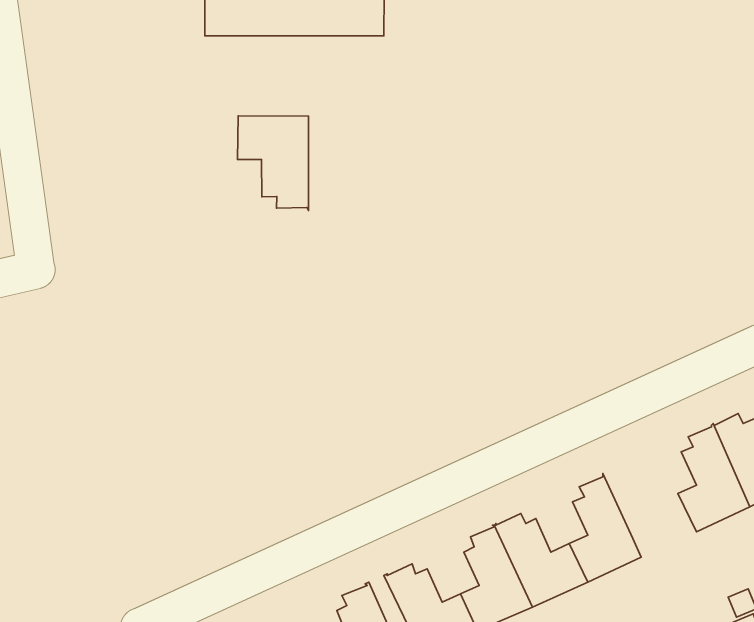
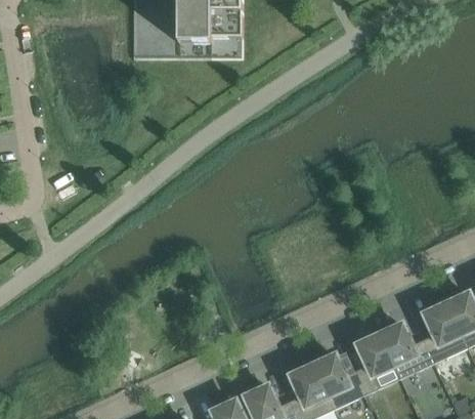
building: [237,116,309,210] -> none
building: none -> [378,321,435,378]

